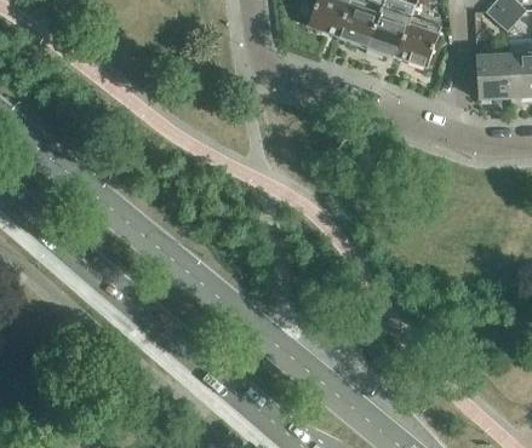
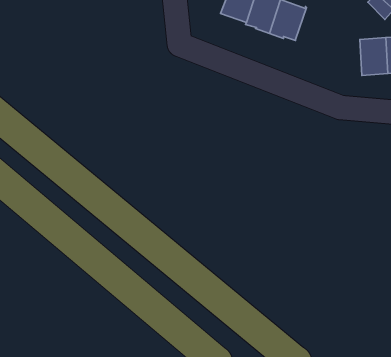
building: [399,17,441,67] -> none

